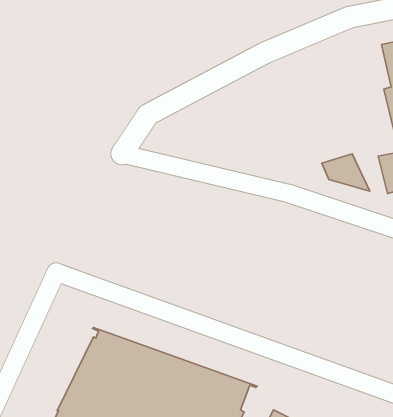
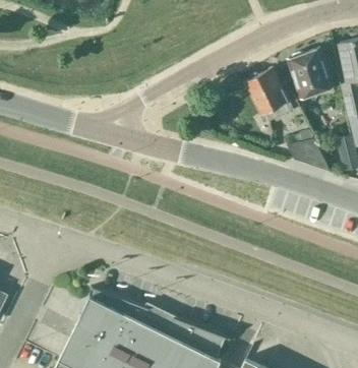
building: none -> [288,50,332,99]
building: none -> [245,70,292,125]

